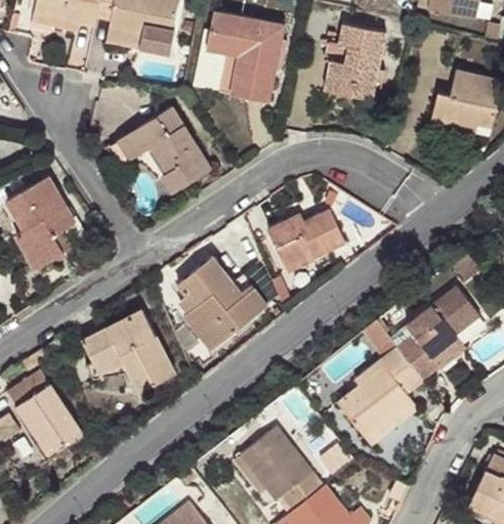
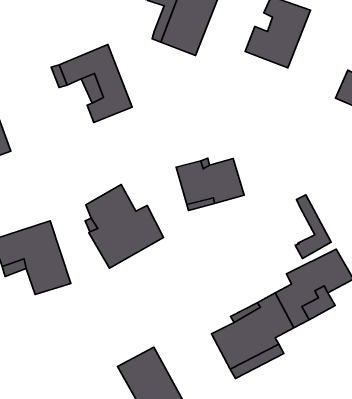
building: none -> [295,195,331,258]

